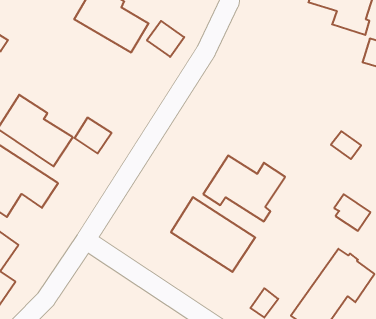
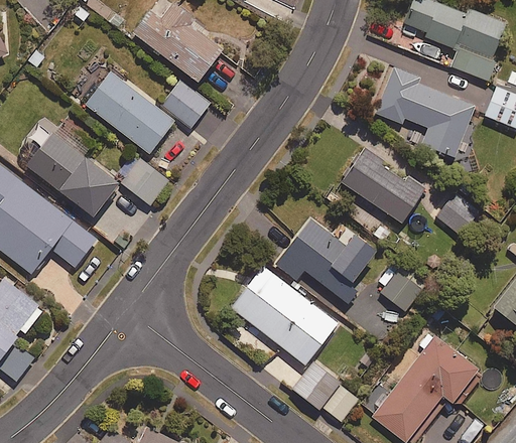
building: [147,21,184,57] -> [161,81,208,126]
building: none -> [372,66,475,159]
building: none -> [85,72,172,151]
building: none -> [342,147,424,222]
building: [334,194,370,231] -> [377,264,421,310]
building: none -> [289,358,341,410]

